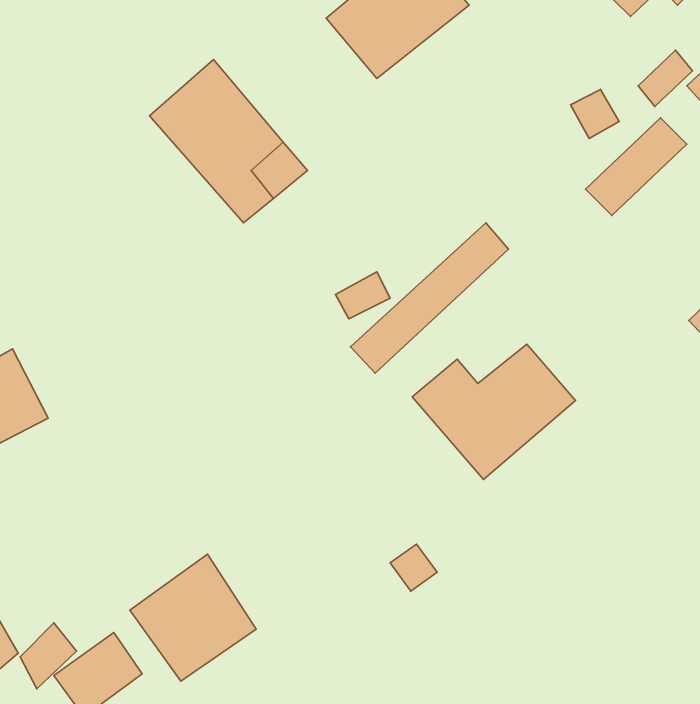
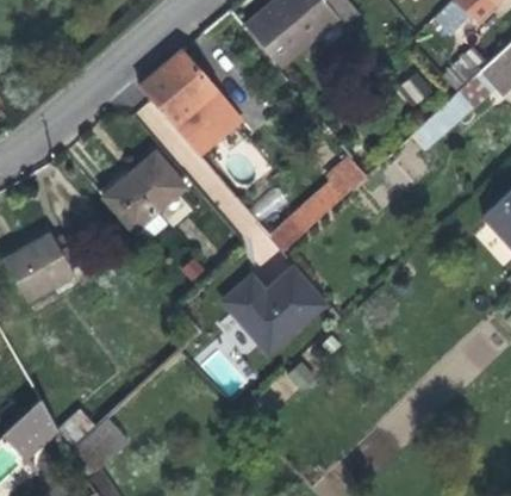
building: none -> [101,153,183,232]
building: [412,344,576,479] -> [224,267,328,353]
building: [130,554,256,681] -> none

